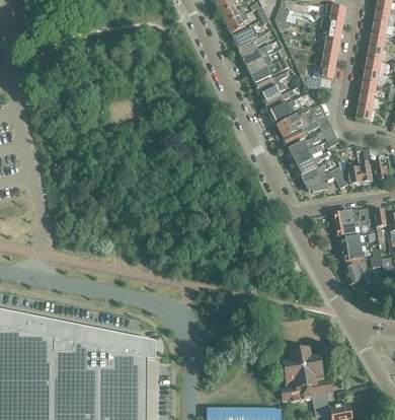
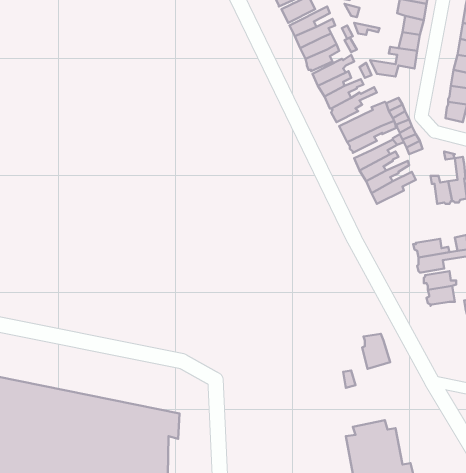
building: [304,165,347,191] -> none
building: [344,257,366,283] -> [362,334,390,369]

